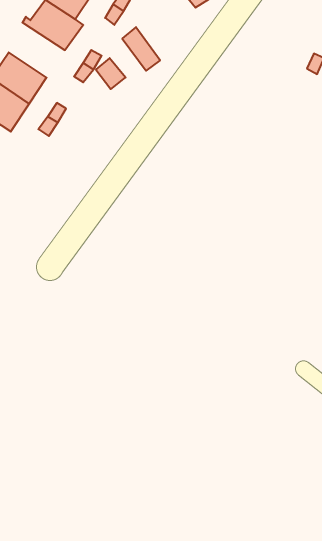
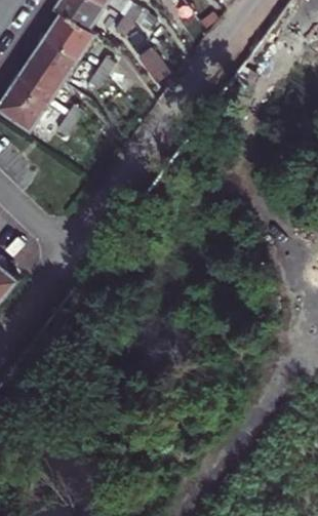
building: none -> [29,34,79,83]

